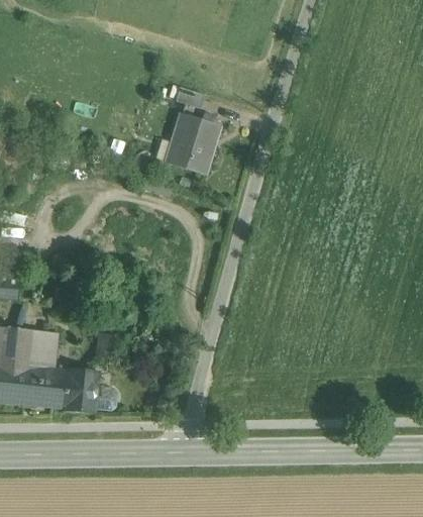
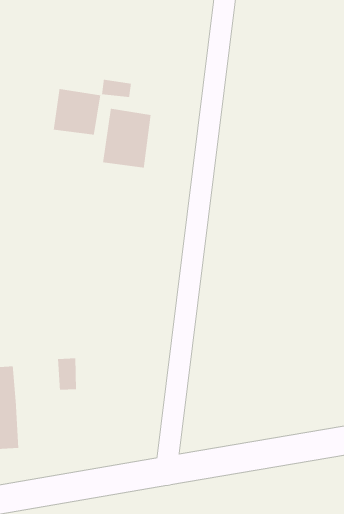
building: none -> [53,88,101,136]
building: [48,368,115,413] -> none

